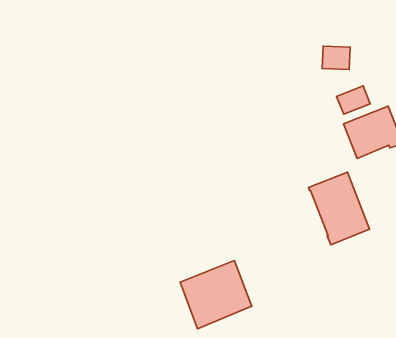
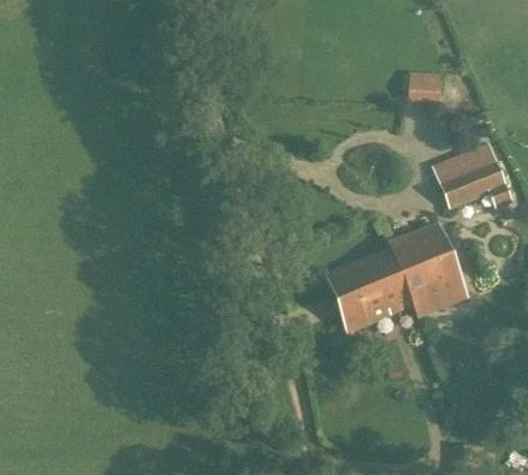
building: [337,86,370,114] -> none
building: [180,261,252,329] -> [326,248,415,332]

